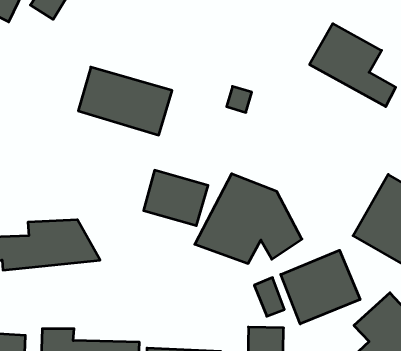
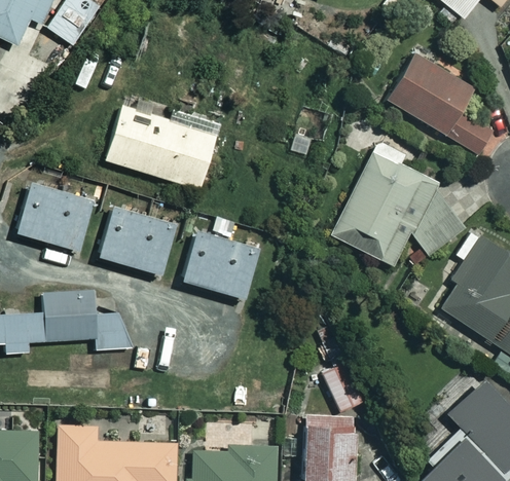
building: none -> [16,182,95,249]
building: none -> [99,204,178,274]
building: [195,174,302,263] -> [330,151,462,261]
building: [281,250,360,324] -> none

